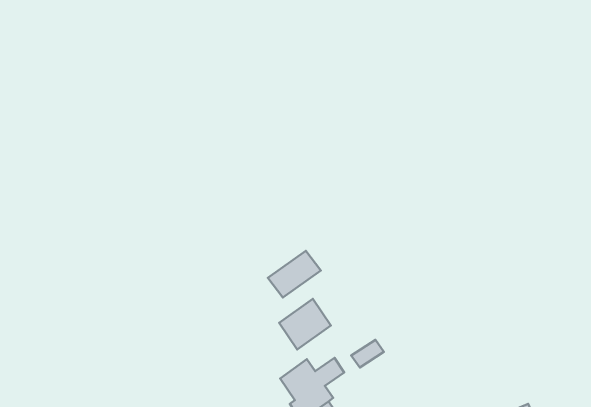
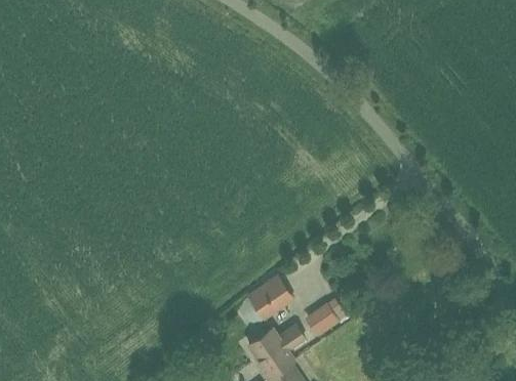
building: [268,251,321,298] -> none

